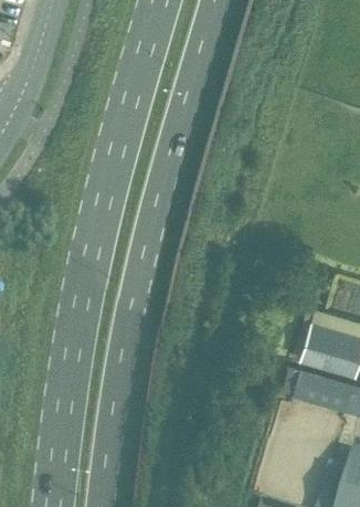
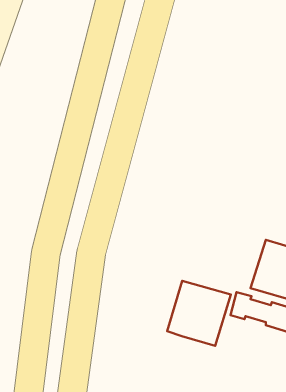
building: none -> [167,281,231,346]

